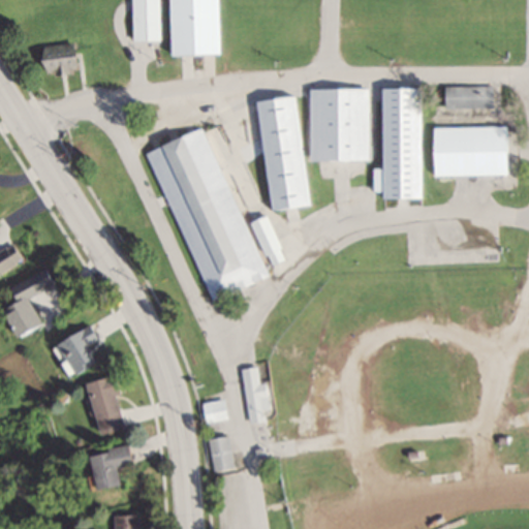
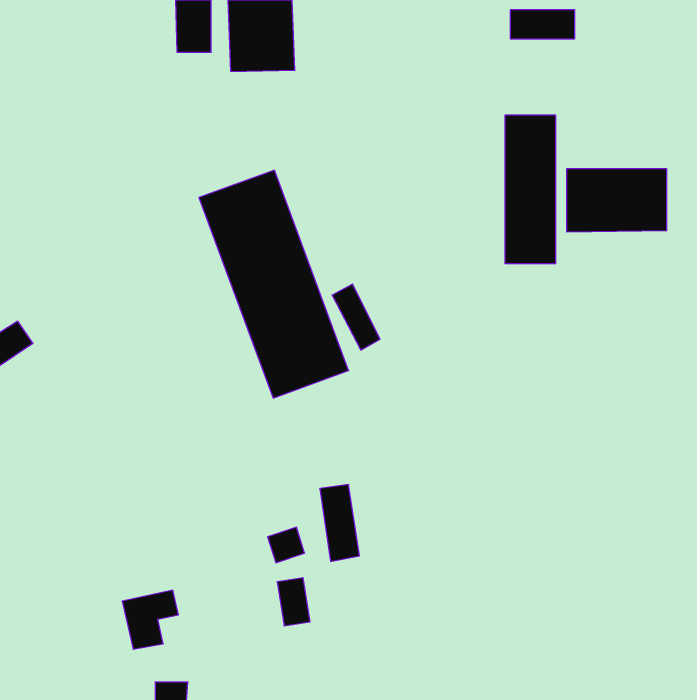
building: [46,43,84,71] -> none
building: [440,87,489,108] -> [510,10,575,39]
building: [310,88,369,160] -> none
building: [255,95,311,210] -> none
building: [7,270,67,337] -> none
building: [62,325,101,376] -> none
building: [90,376,128,434] -> none

